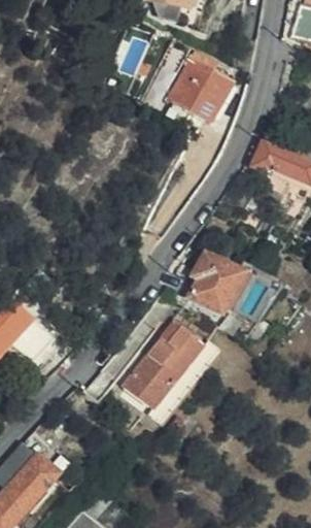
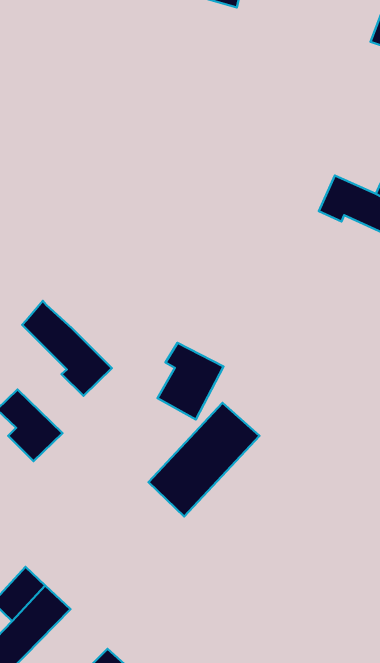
building: [167,52,227,121] -> none
building: none -> [22,301,112,396]
building: [189,255,241,315] -> [158,343,224,419]

